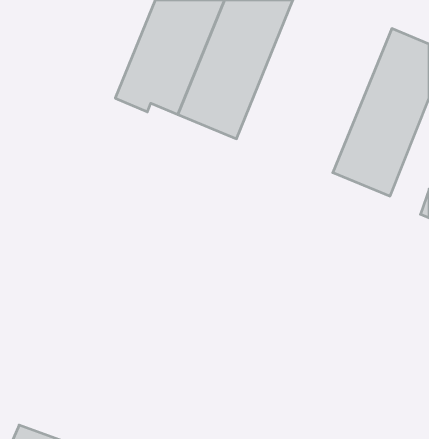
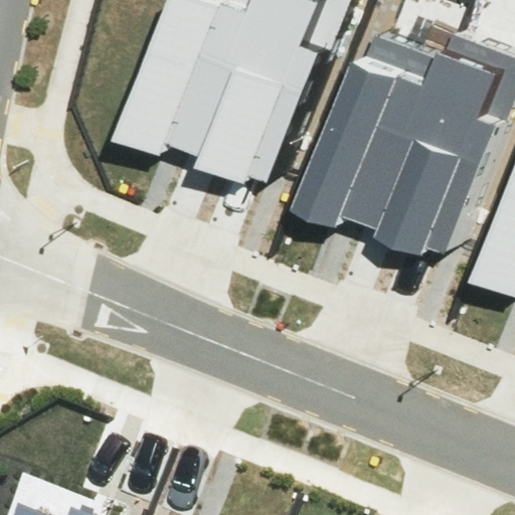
building: none -> [311,34,455,205]

